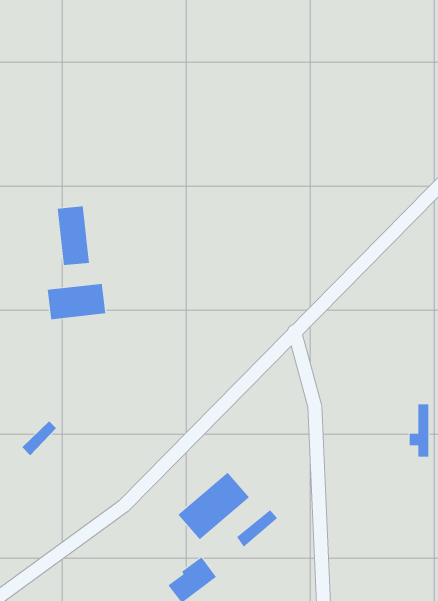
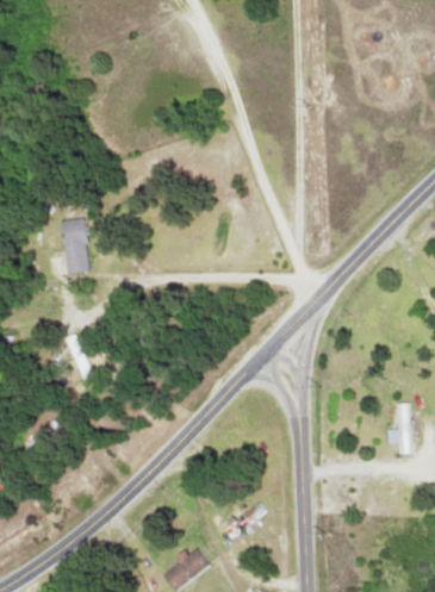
building: [47,283,106,320] -> none
building: [177,472,250,540] -> none

